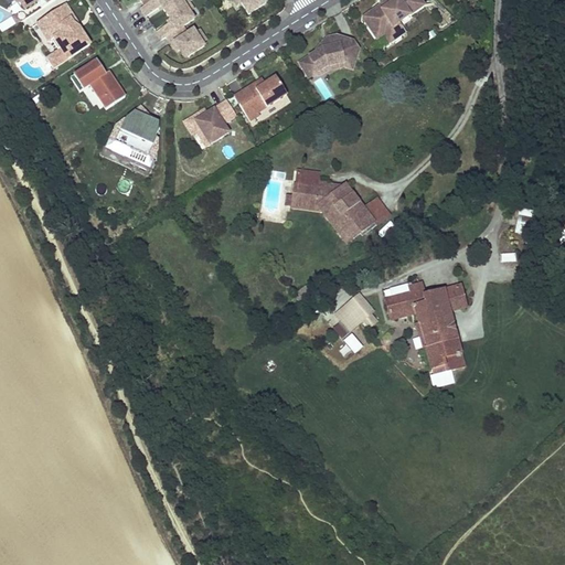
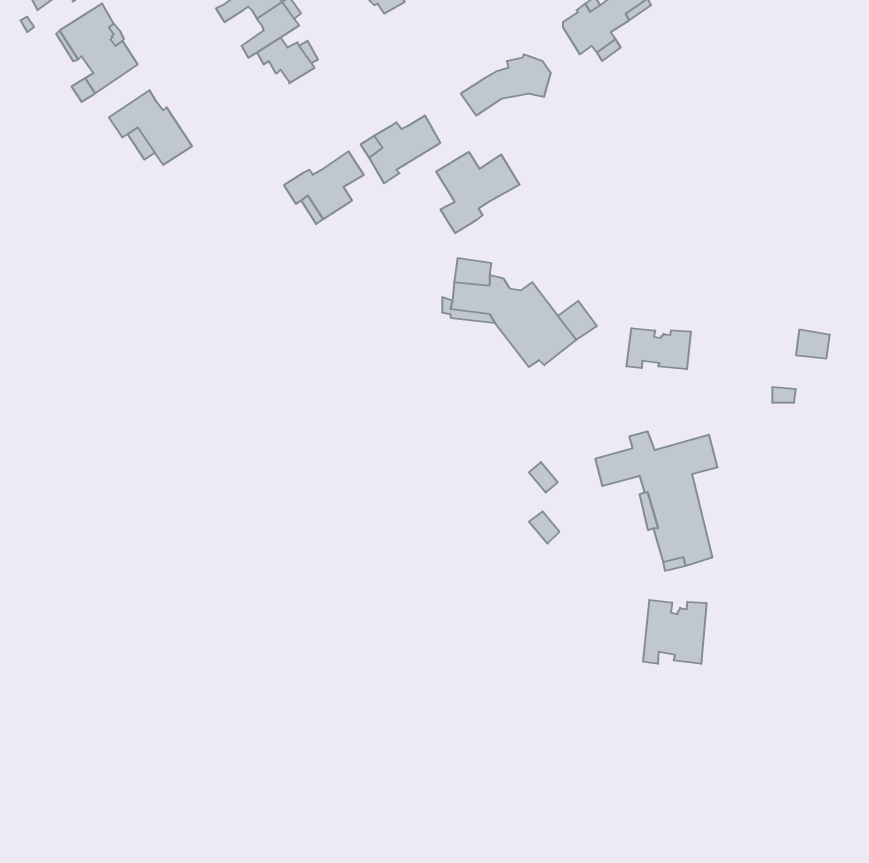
building: none -> [436,152,520,233]
building: [105,109,164,167] -> none
building: none -> [627,328,691,369]
building: none -> [643,600,706,664]

